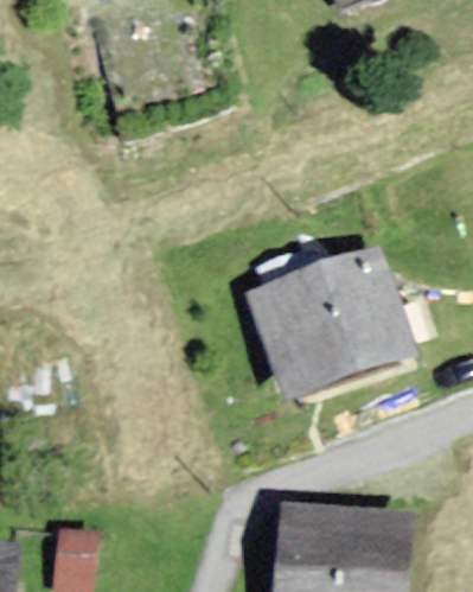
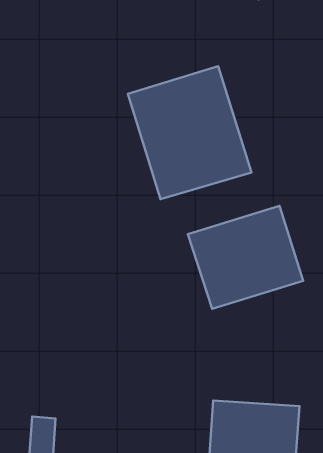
building: none -> [128,66,251,199]

